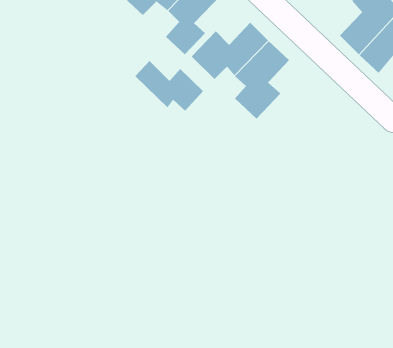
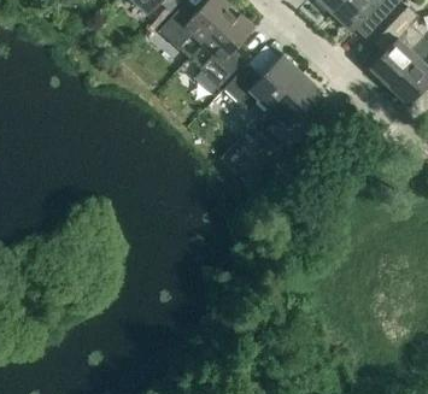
building: [134,60,204,112] -> none

